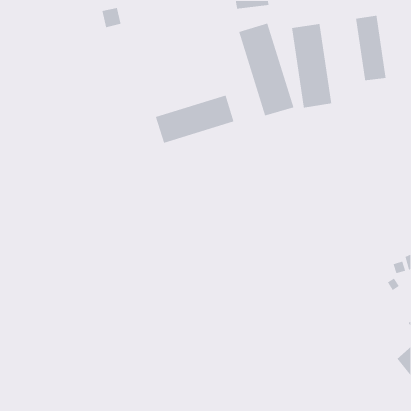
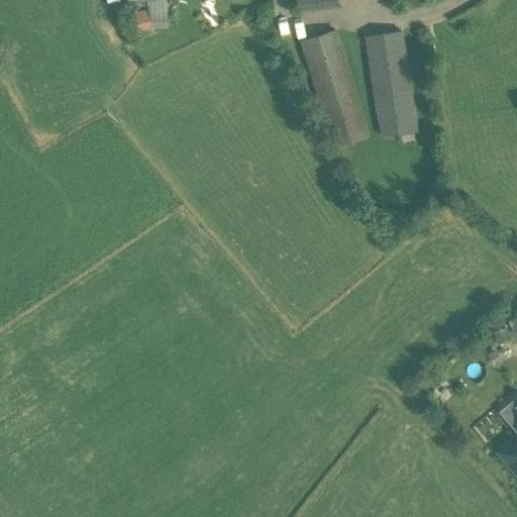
building: [355,15,387,81] -> none
building: [155,94,234,144] -> none

